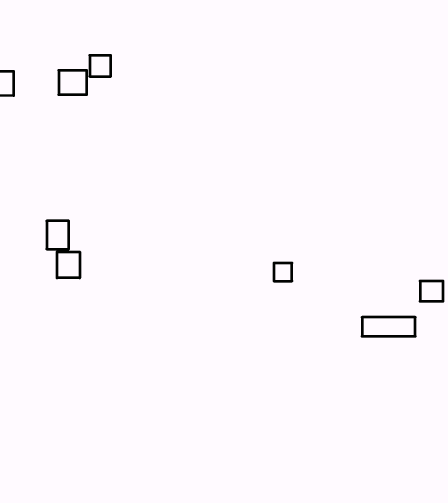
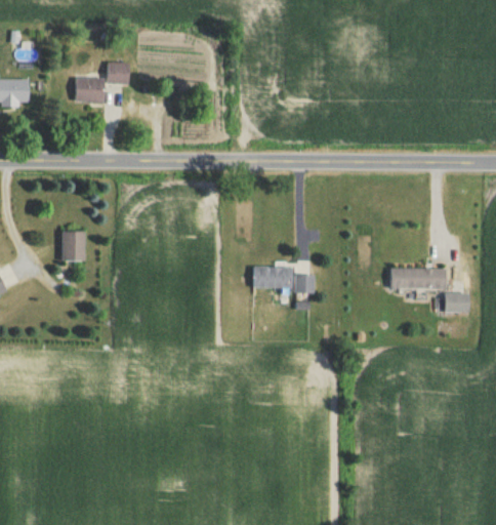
building: [57,252,80,278] -> none
building: none -> [253,268,292,288]
building: [362,317,415,336] -> [390,269,445,288]

